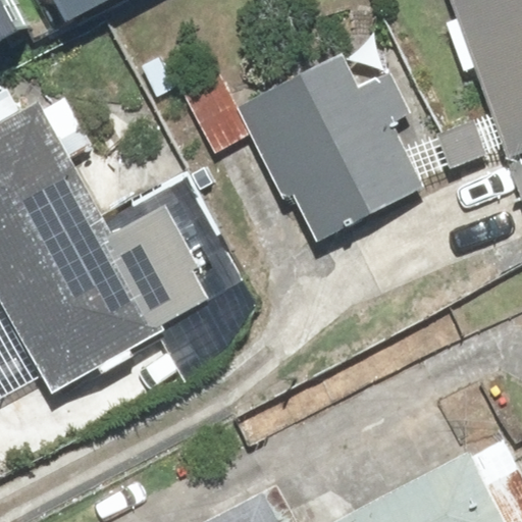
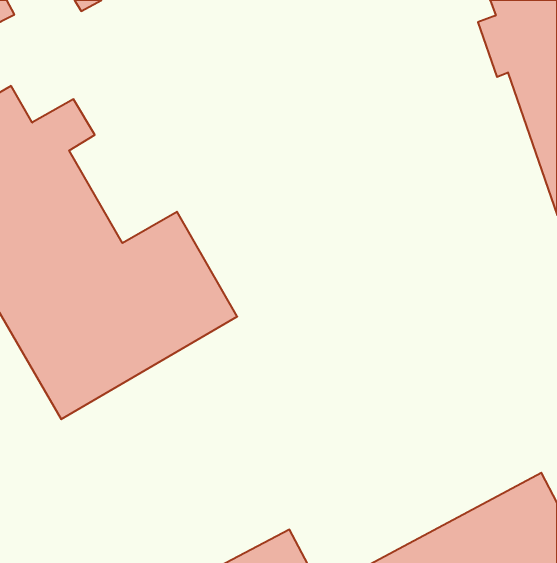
building: [232,45,423,241] -> none

